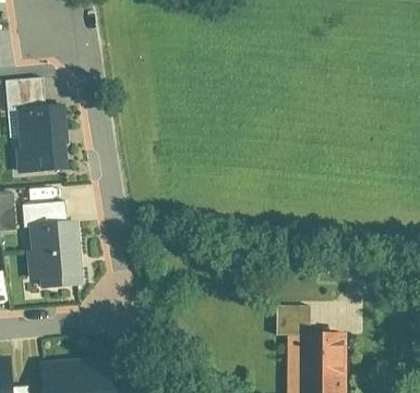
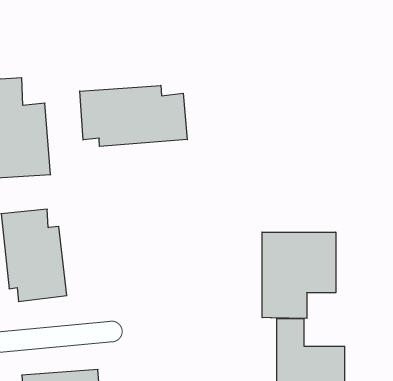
building: none -> [80,85,187,146]
building: none -> [262,232,336,318]

